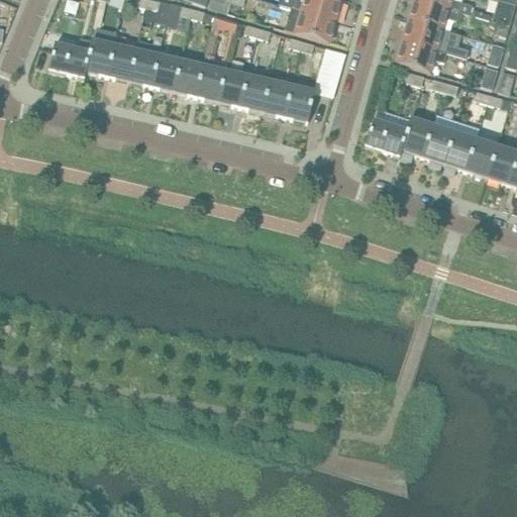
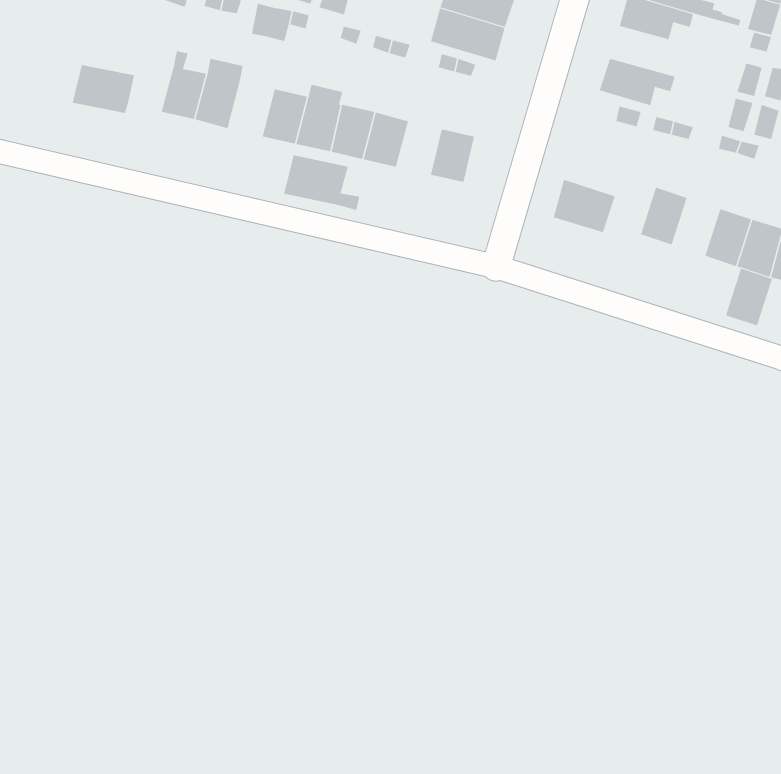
building: [403,17,470,57] -> none
building: [86,38,115,74] -> none
building: [314,44,346,94] -> none
building: [151,54,182,90] -> none
building: [263,80,292,115] -> none
building: none -> [284,155,360,211]
building: [401,116,433,154] -> none
building: [444,130,476,169] -> [725,268,773,326]

